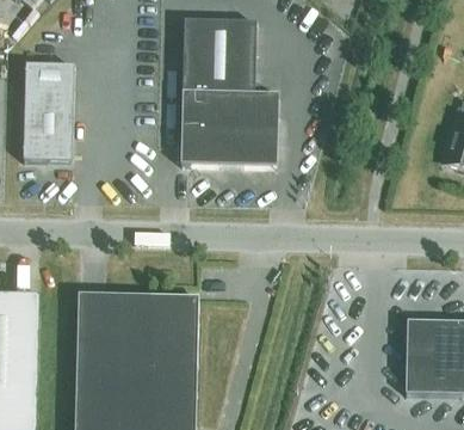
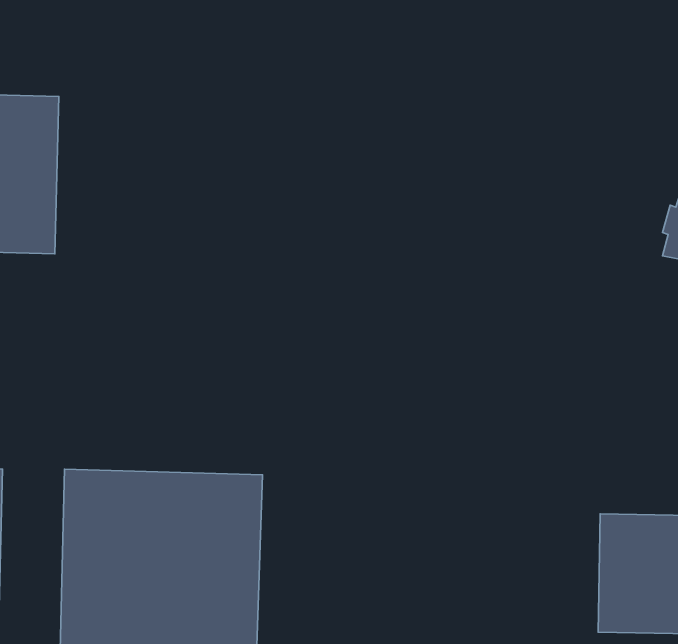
building: [181,19,279,166] -> none

